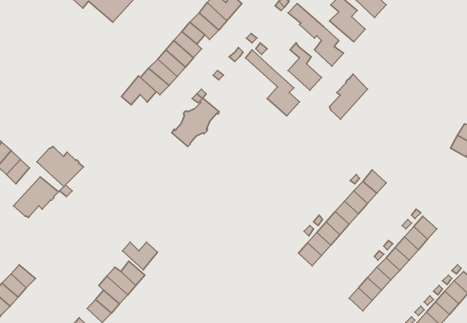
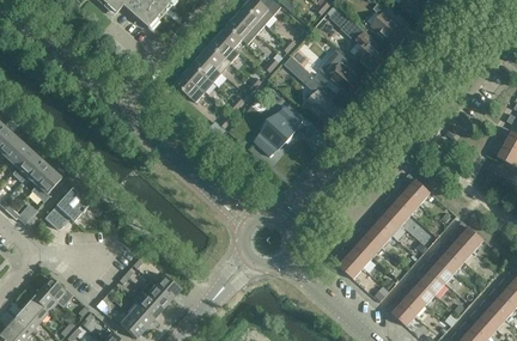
building: [329,74,368,119] -> none
building: [122,76,156,105] -> none
building: [172,98,219,147] -> [254,104,303,154]
building: [37,146,84,187] -> none
building: [123,242,158,270] -> none

